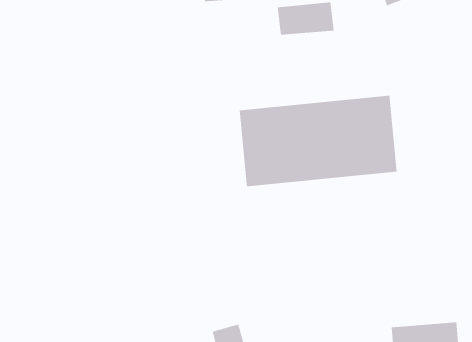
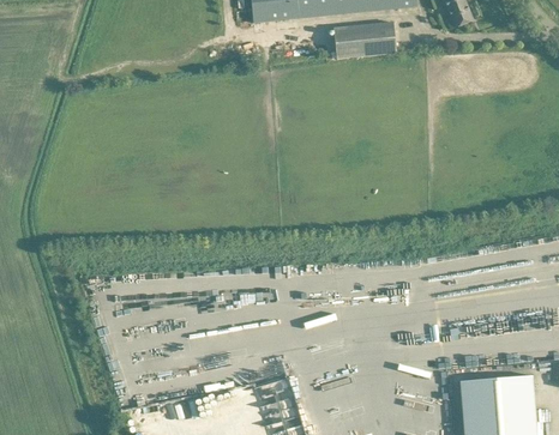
building: [239,95,397,187] -> none

